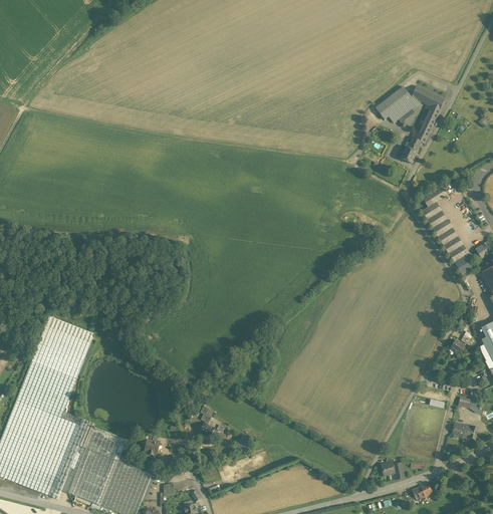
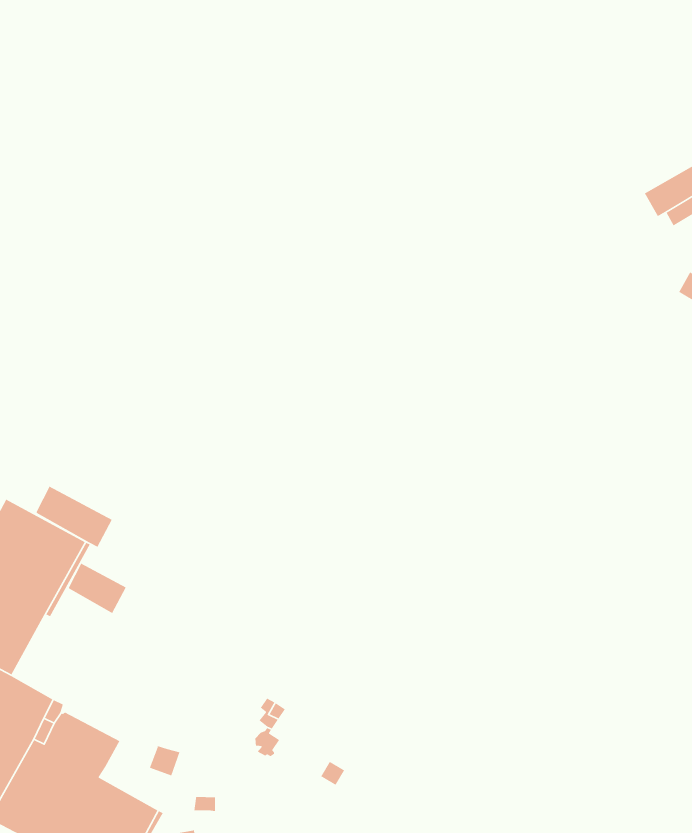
building: none -> [36,486,113,548]
building: none -> [68,563,127,614]

